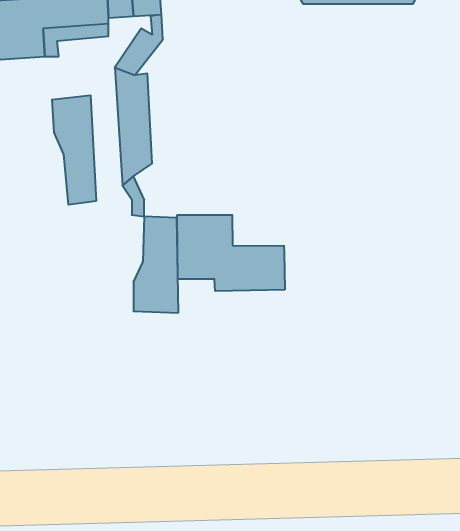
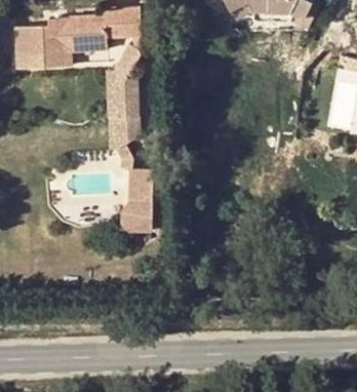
building: [52,95,96,205] -> none
building: [177,215,285,291] -> none

